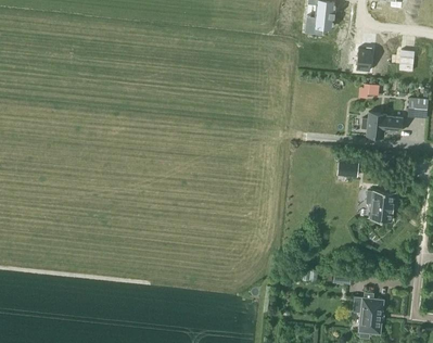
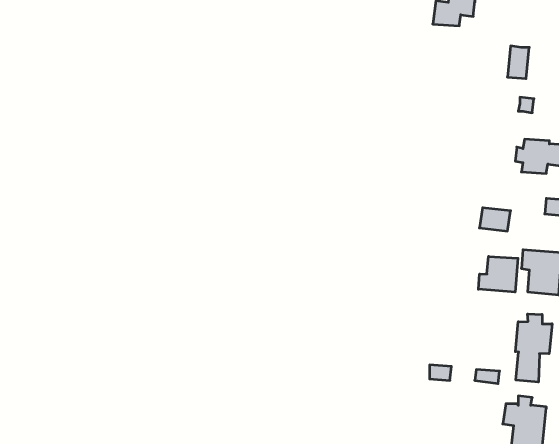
building: none -> [478,256,518,292]
building: none -> [515,314,552,382]

